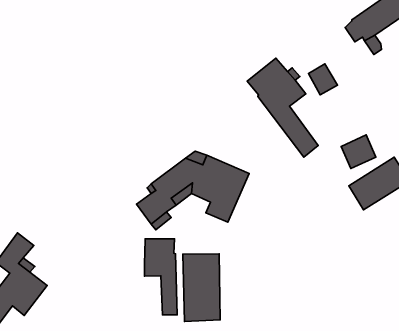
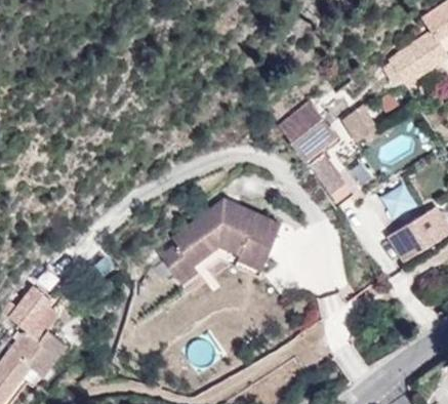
building: [144,239,177,315] -> none
building: [183,254,220,321] -> none

